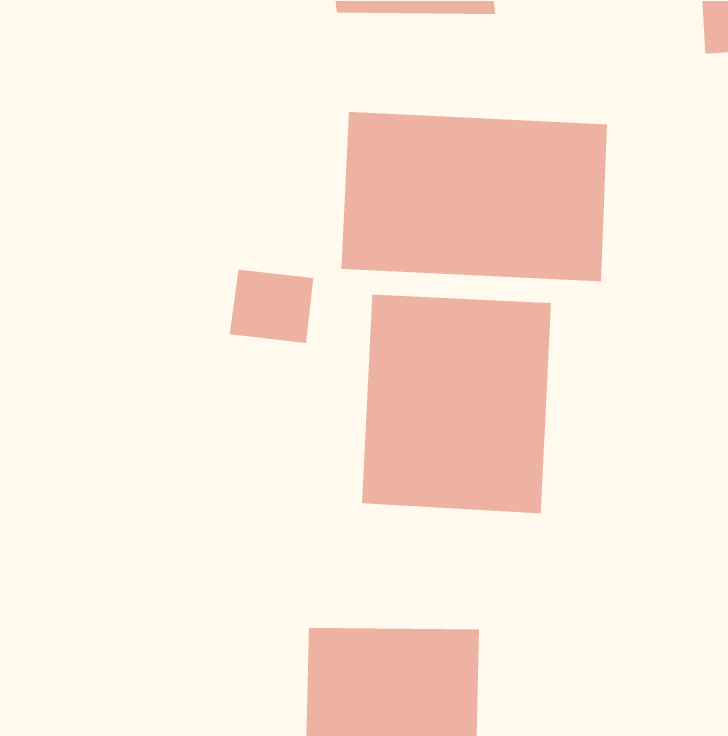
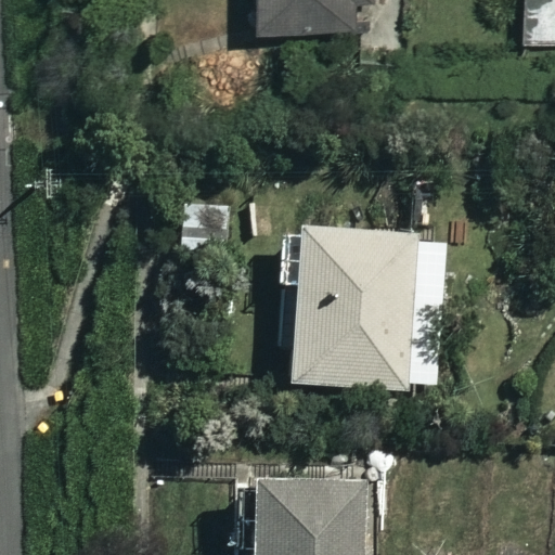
building: [341,111,608,282] -> none

